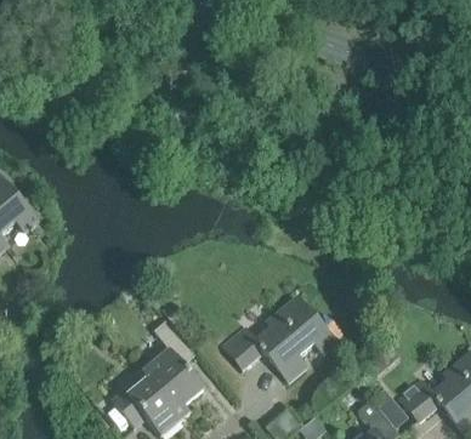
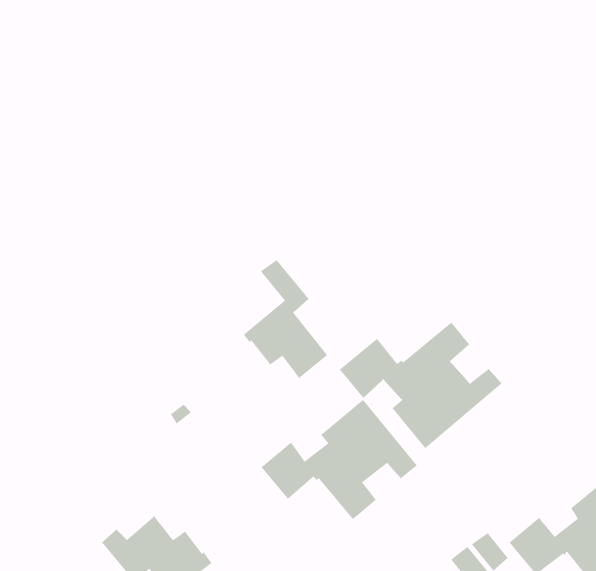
building: none -> [339,321,503,449]
building: [143,319,204,404] -> [243,259,328,379]

